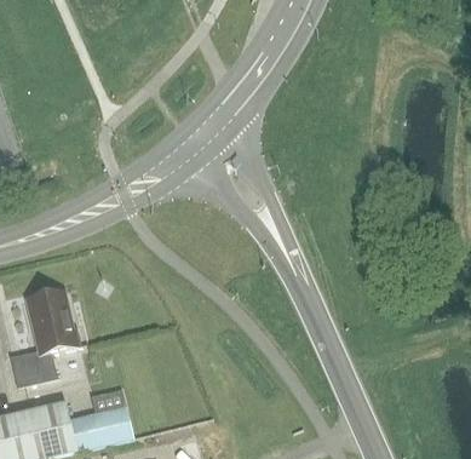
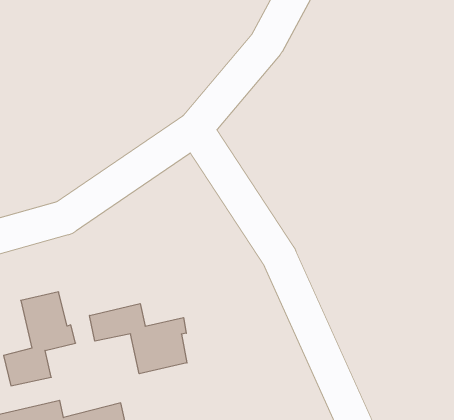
building: none -> [90,304,187,374]

